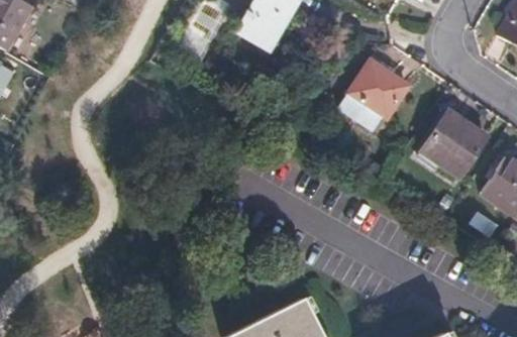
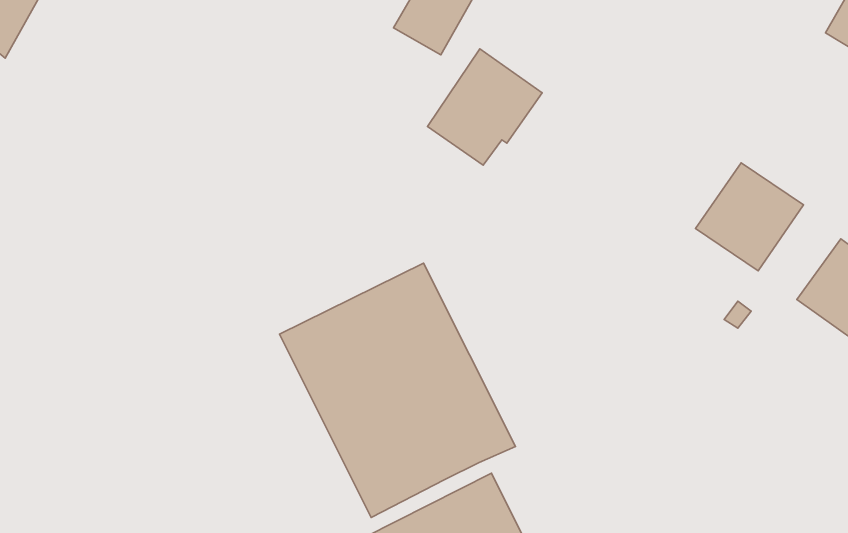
building: [341,60,410,129] -> [428,49,542,165]
building: none -> [279,263,515,517]

